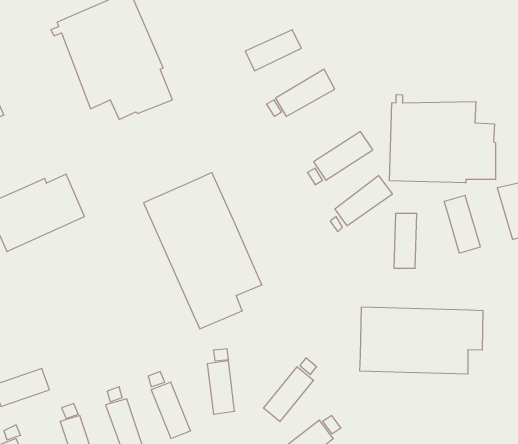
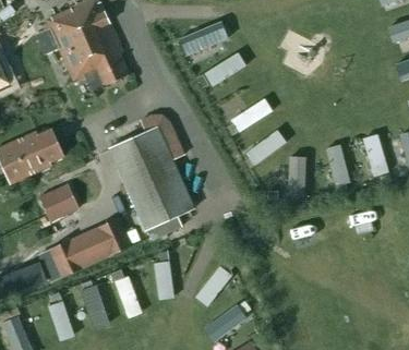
building: [389,94,496,183] -> none
building: none -> [39,182,80,221]
building: none -> [50,217,132,277]
building: [360,307,483,374] -> none

